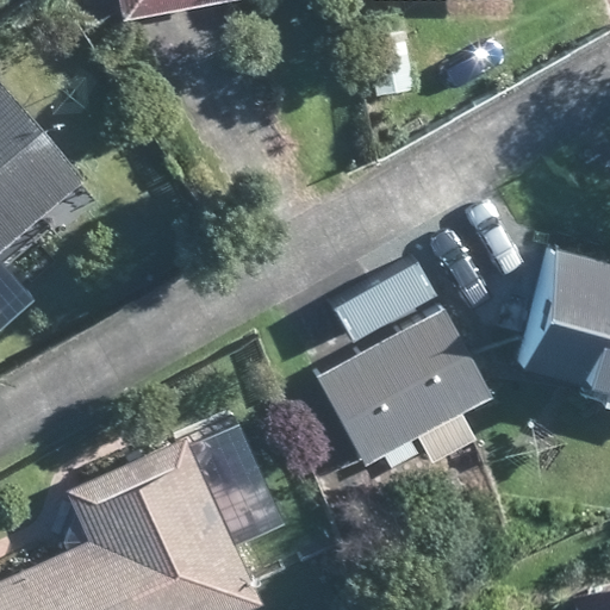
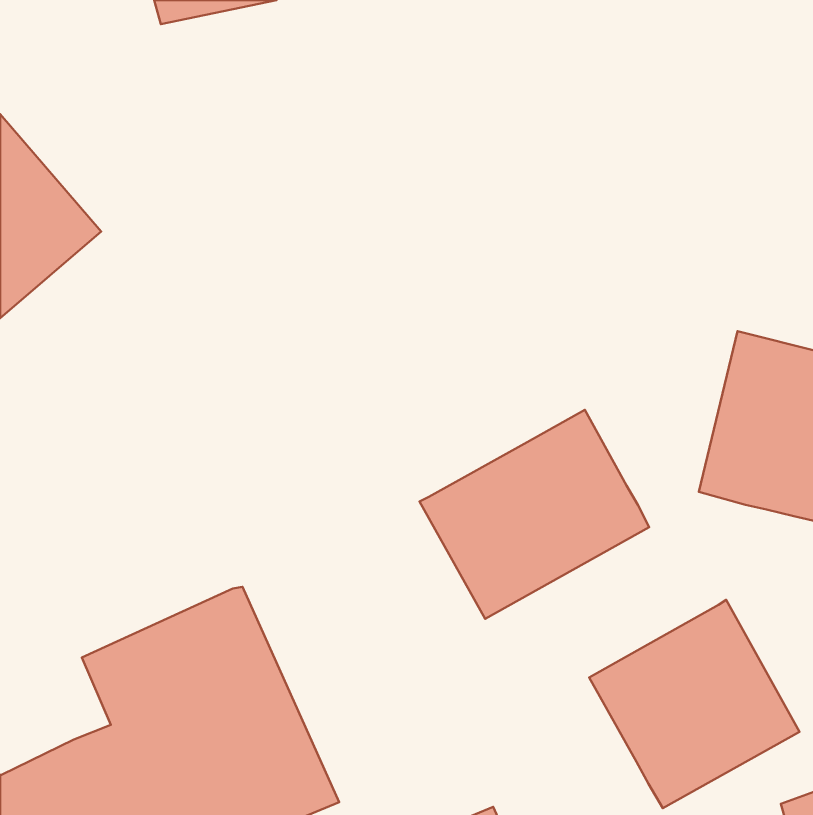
building: none -> [589,600,799,808]

